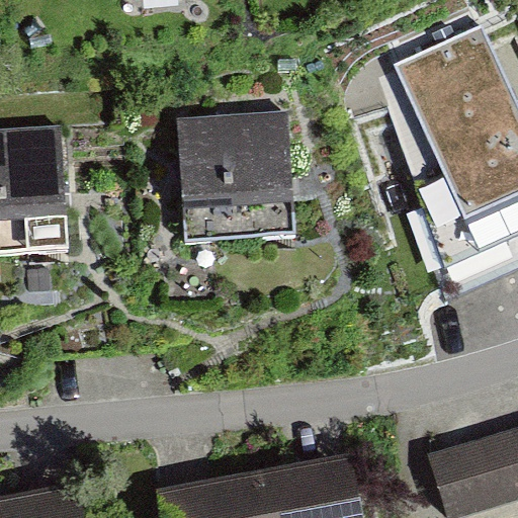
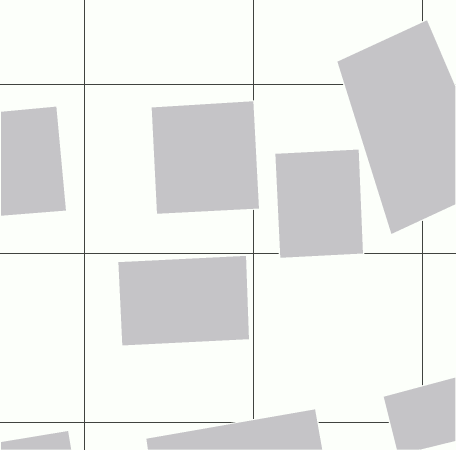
building: none -> [275,149,364,258]
building: none -> [118,255,250,346]

